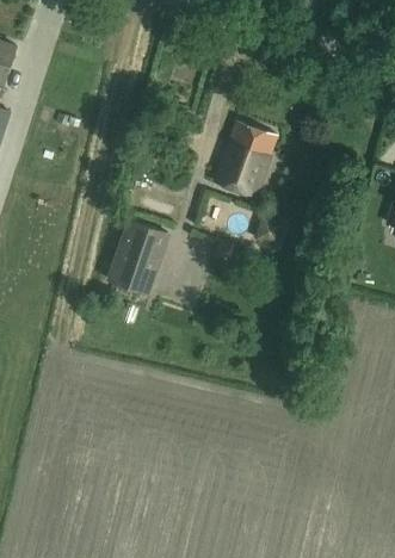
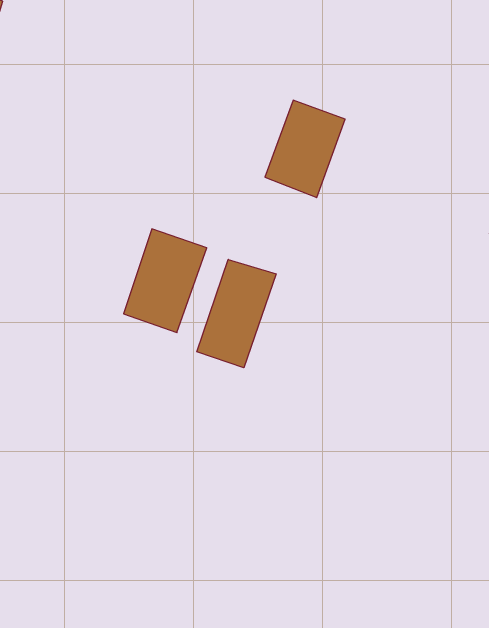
building: none -> [197,259,276,368]

